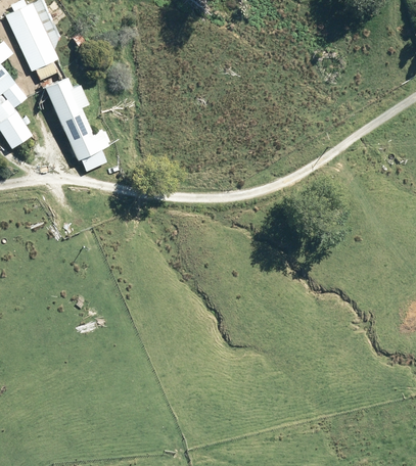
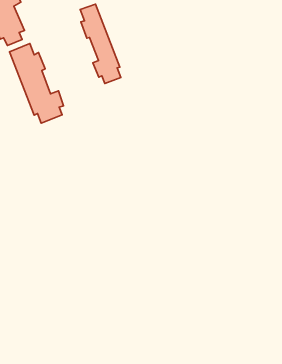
building: none -> [80,4,121,83]

